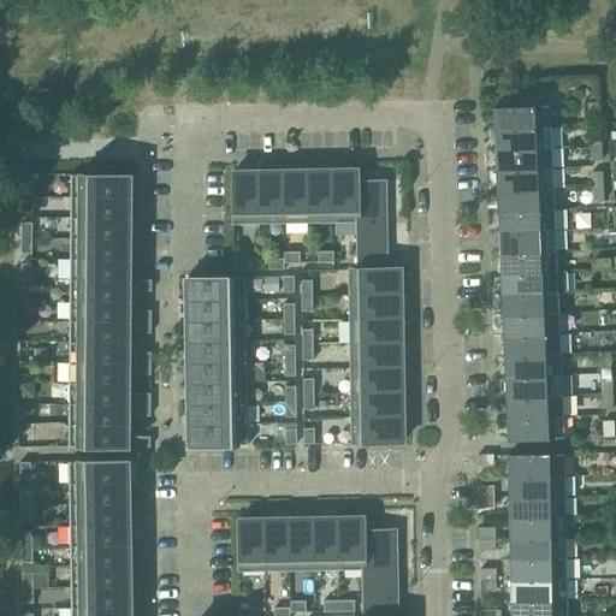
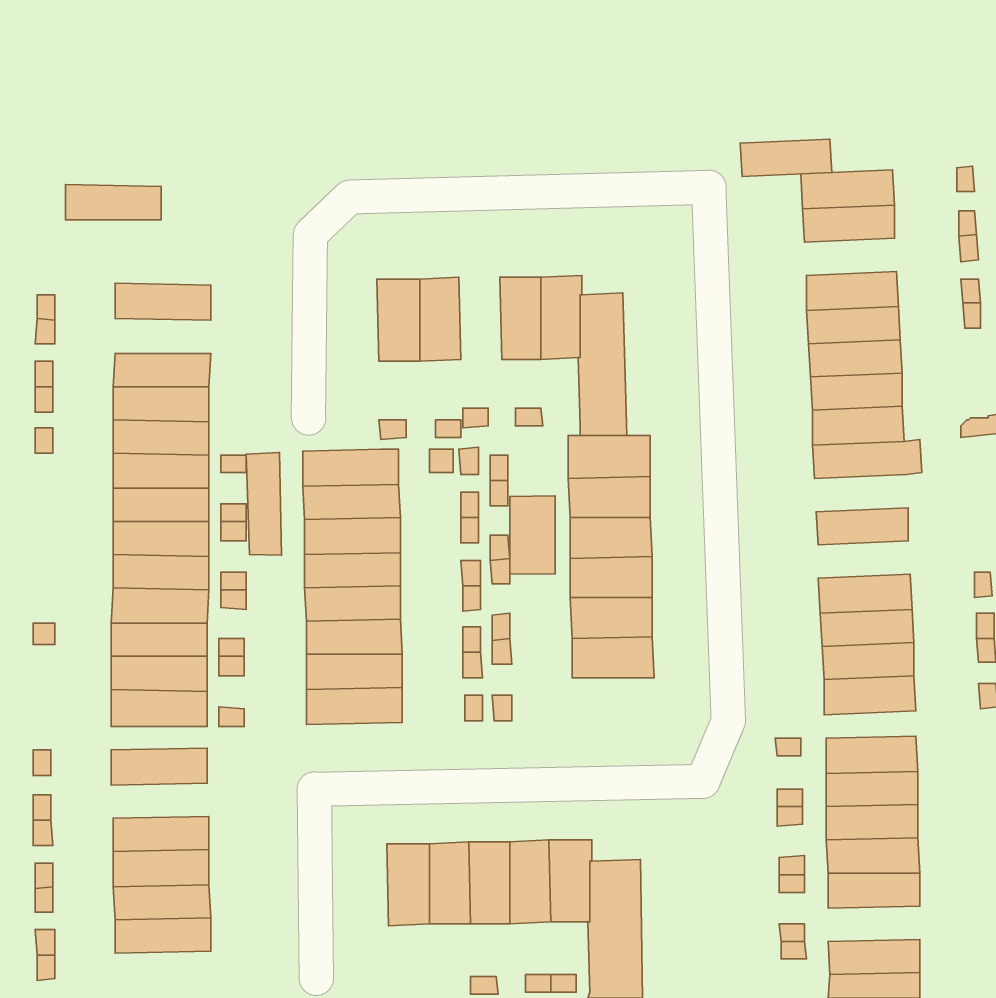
building: [497,147,553,170] -> [740,139,832,176]
building: [284,171,310,221] -> none
building: [72,196,131,218] -> [65,185,161,220]
building: none -> [246,452,281,555]
building: [503,292,561,315] -> none
building: none -> [510,496,555,574]
building: [505,333,562,356] -> none
building: [354,417,404,444] -> none
building: [70,482,130,504] -> none
building: [511,558,568,580] -> none
building: [72,586,131,608] -> none

